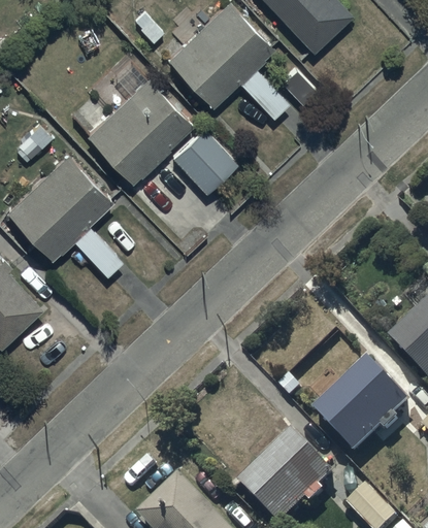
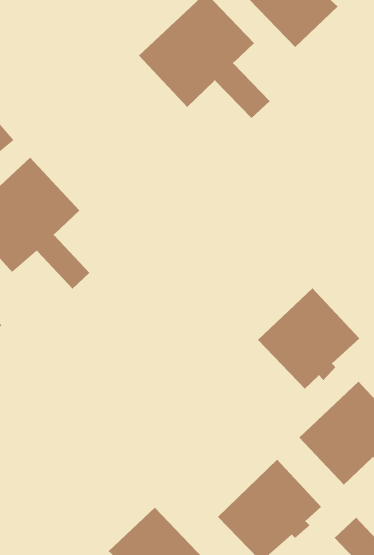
building: [87,59,193,182] -> none
building: [171,126,237,193] -> none
building: none -> [257,288,360,390]

